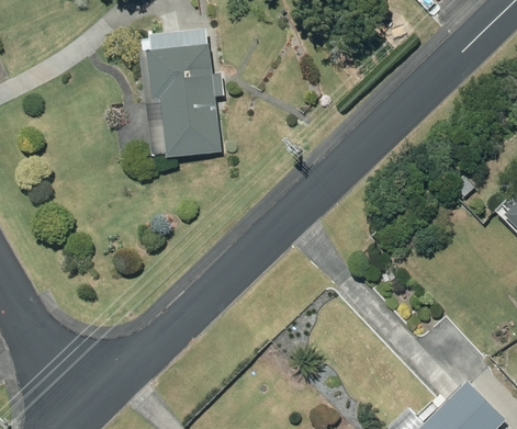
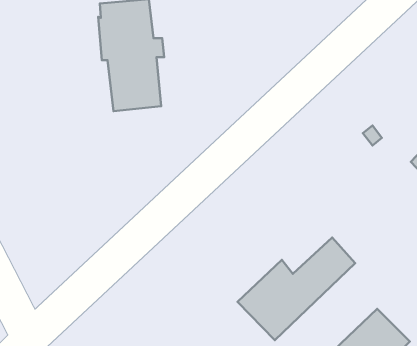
building: none -> [237,237,355,340]

